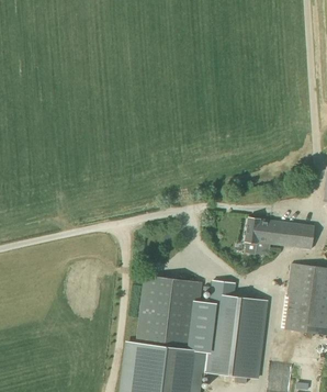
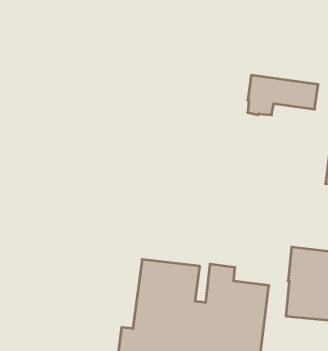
building: [245,216,313,255] -> [248,75,318,115]

